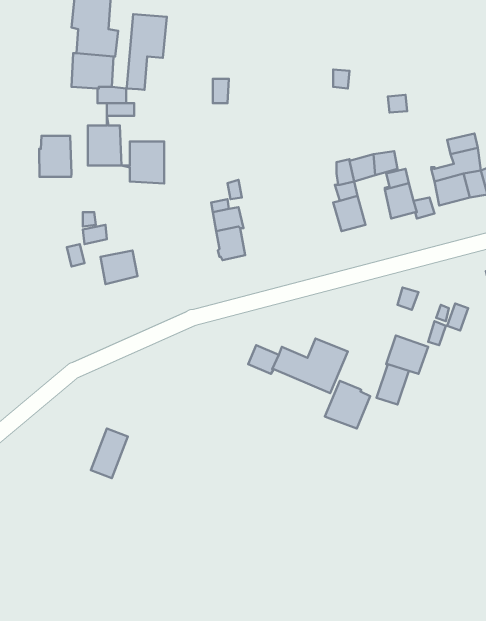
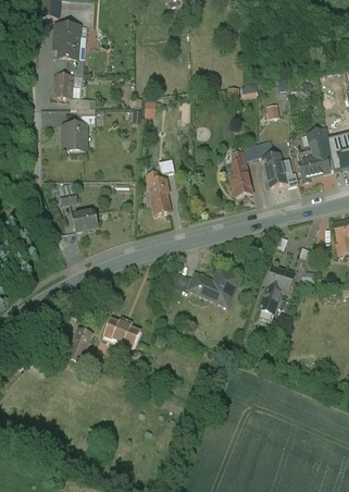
building: [126,14,167,90] -> none
building: [39,136,71,177] -> none
building: [121,142,164,183] -> none
building: [325,381,370,428] -> none
building: none -> [104,317,140,346]

